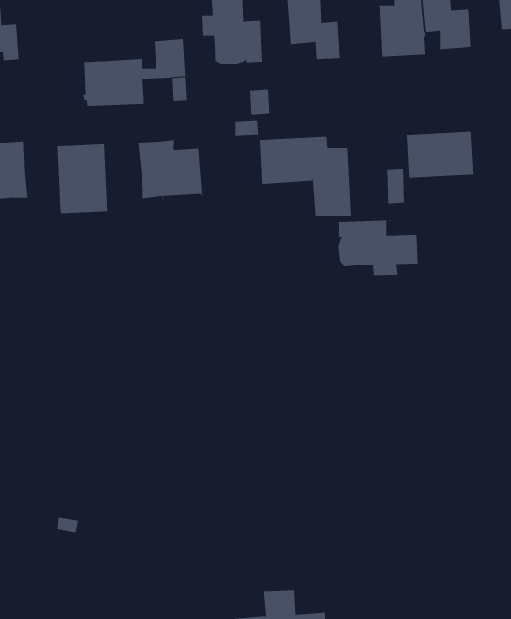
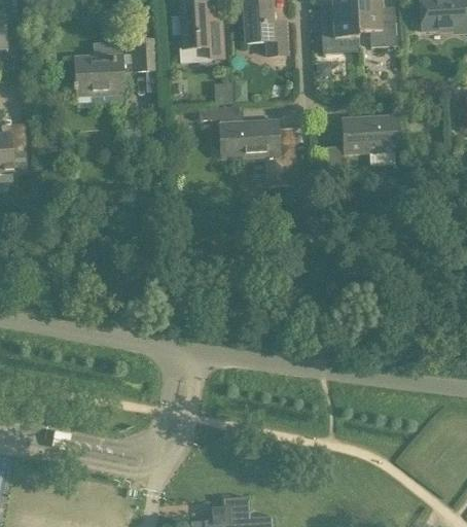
building: [138,139,203,200] -> none
building: [57,143,108,214] -> none
building: [338,219,418,276] -> none

